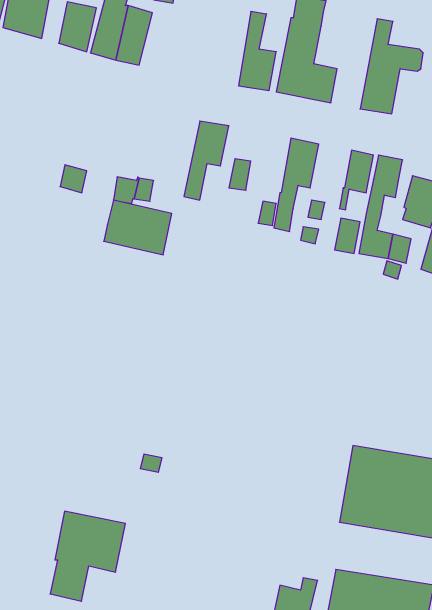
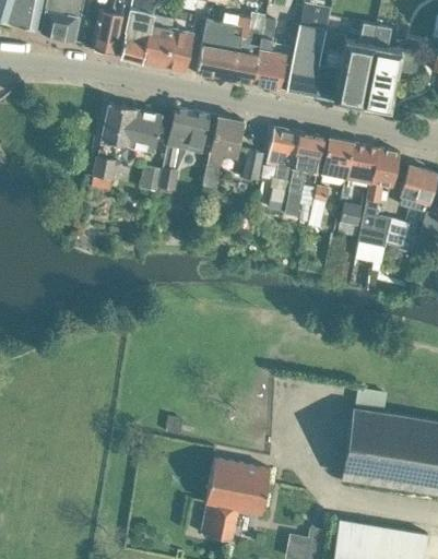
building: none -> [196,16,263,85]
building: none -> [163,20,194,72]
building: none -> [320,23,377,106]
building: none -> [167,108,209,151]
building: none -> [268,128,299,181]
building: none -> [321,138,354,177]
building: [104,200,172,255] -> [100,103,162,152]
building: [50,511,125,601] -> [202,459,270,539]

